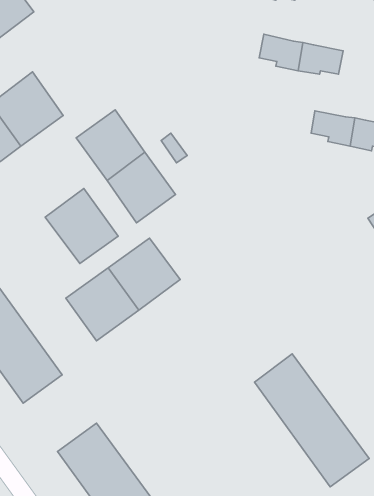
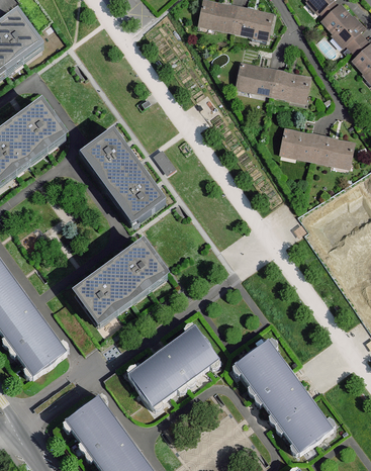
building: [45,188,118,264] -> none
building: none -> [127,324,221,405]

